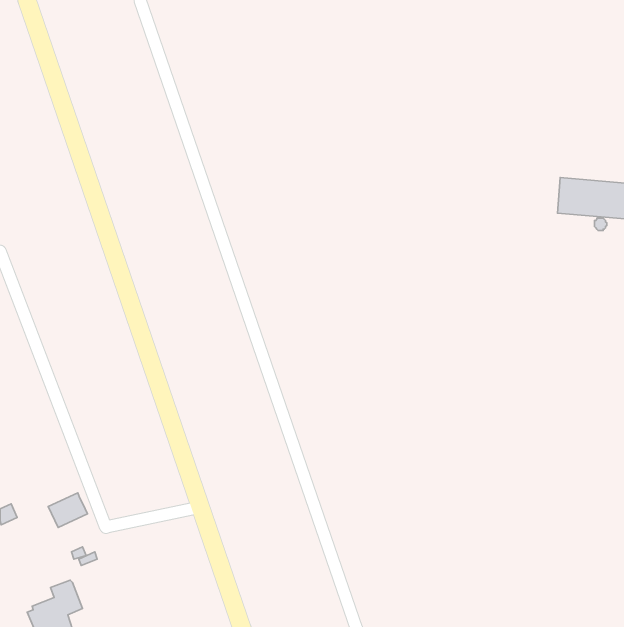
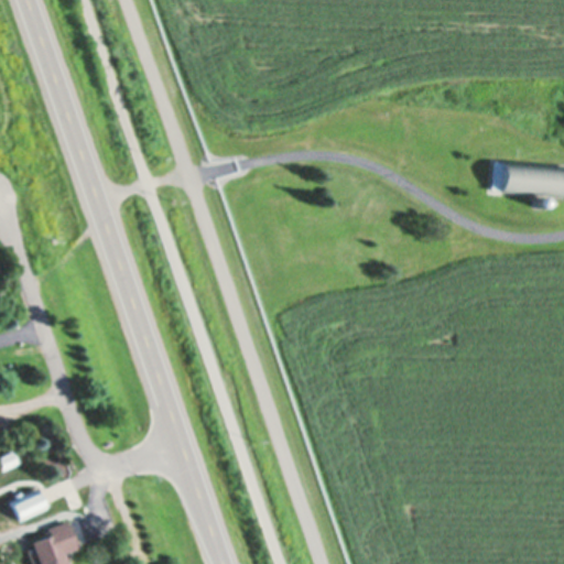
building: [48,493,88,527] -> [13,490,48,521]

